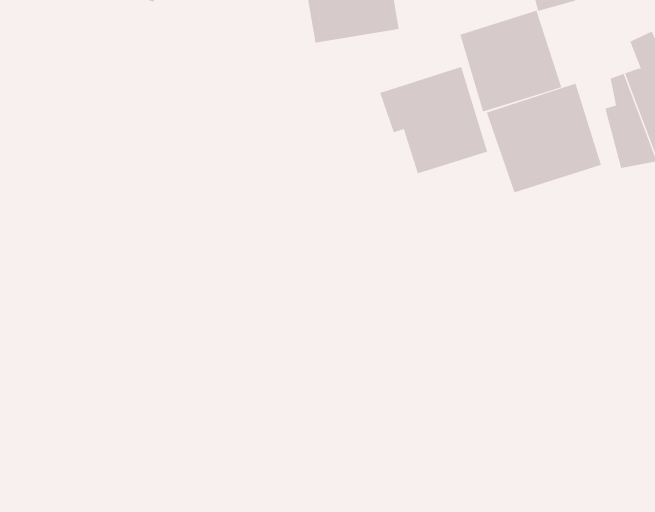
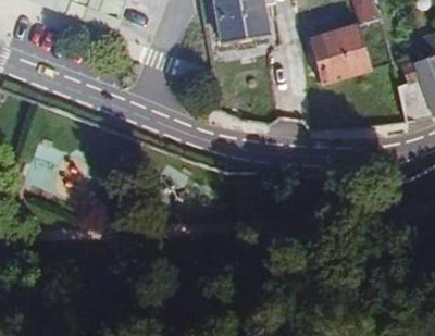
building: [380,66,488,174] -> none
building: [486,83,602,193] -> none

